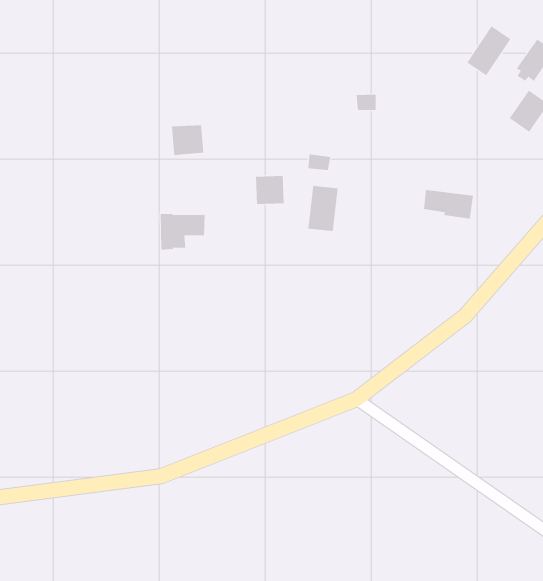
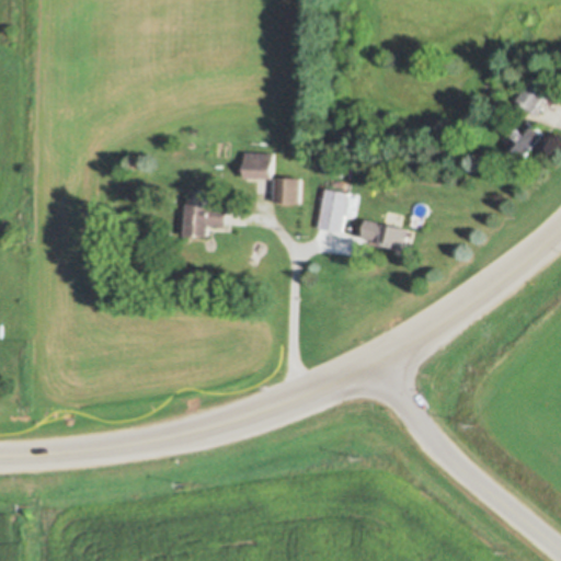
building: [466,25,511,76] -> none
building: [171,125,204,155] -> [243,153,271,180]
building: [423,189,474,219] -> [362,221,408,251]

